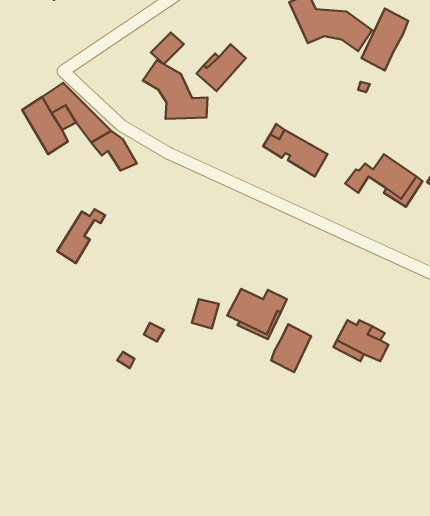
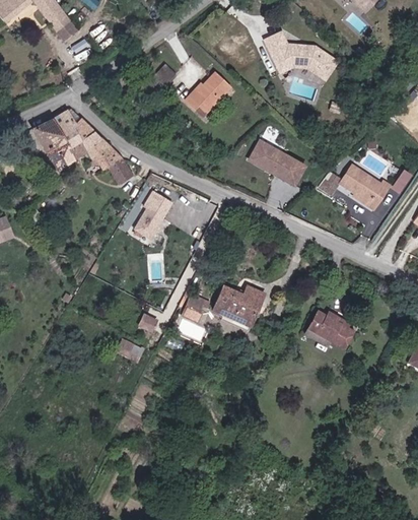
building: [362,9,408,71] -> none
building: [143,60,207,119] -> none
building: [57,209,105,263] -> [135,192,177,239]
building: [271,324,311,372] -> none

